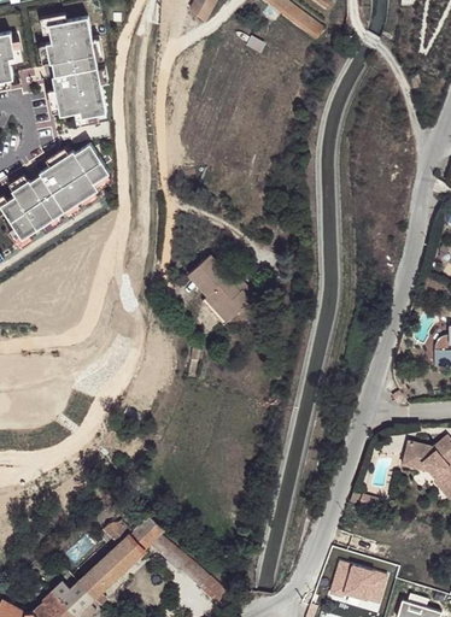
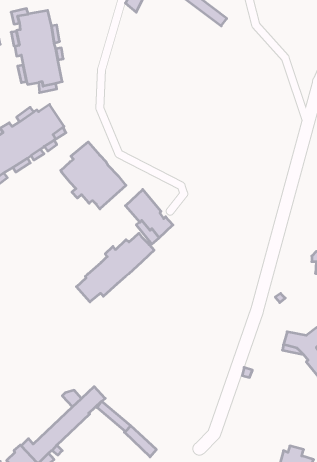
building: none -> [61,142,126,209]
building: none -> [76,233,154,302]
building: [327,560,383,599] -> none

